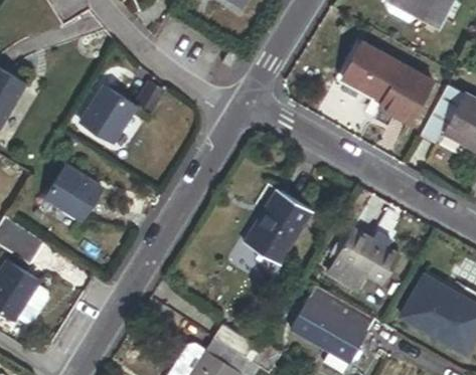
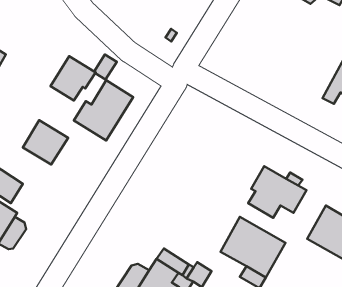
building: [342,42,432,123] -> none
building: none -> [74,80,133,140]
building: [243,190,310,261] -> none

